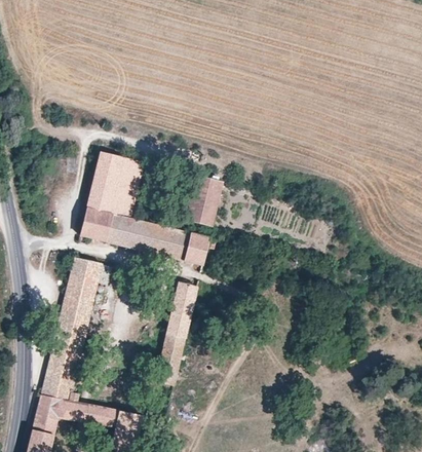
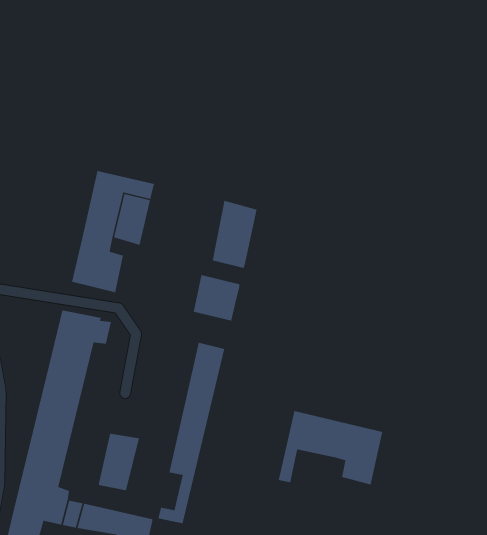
building: [114,216,179,259] -> none
building: none -> [278,410,383,485]
building: none -> [98,433,140,491]

